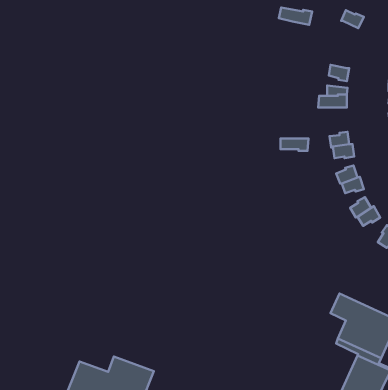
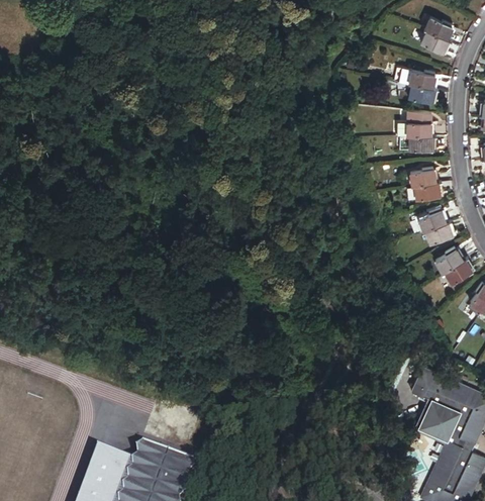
building: [279,8,312,25] -> [394,68,435,89]
building: none -> [420,30,449,56]
building: [281,139,308,151] -> [400,137,434,153]

